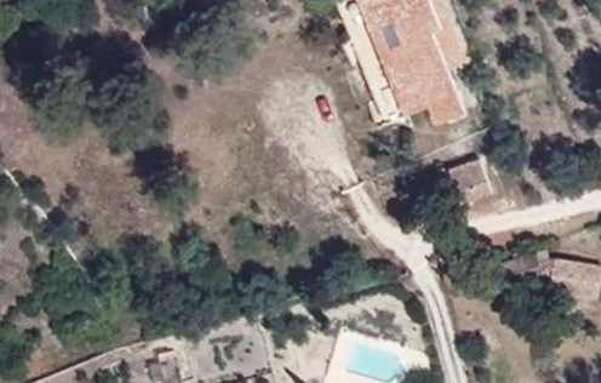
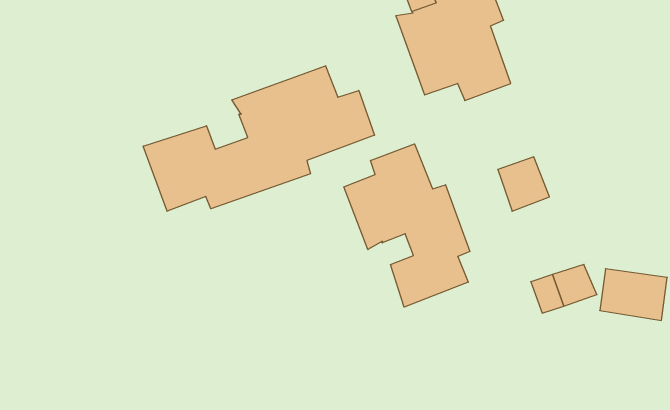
building: none -> [143,66,374,211]
building: none -> [344,144,470,307]

